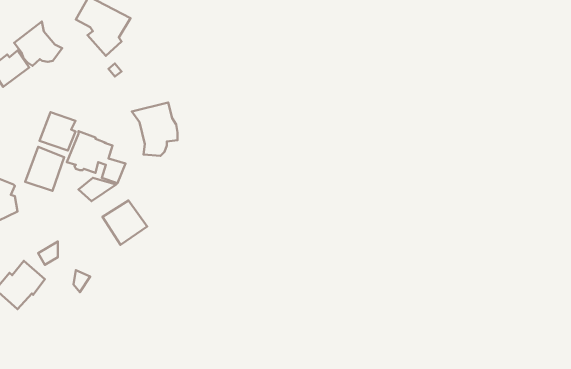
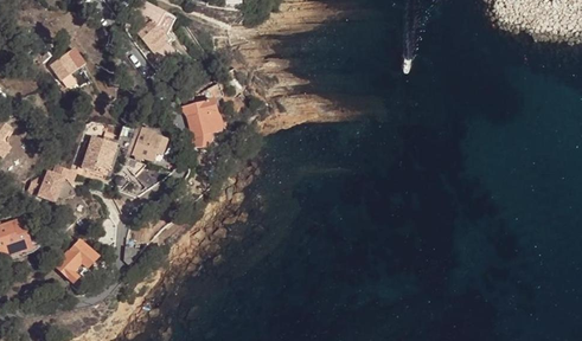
building: [14,21,62,66] -> none
building: [39,112,75,150] -> none
building: [103,200,147,245] -> none

